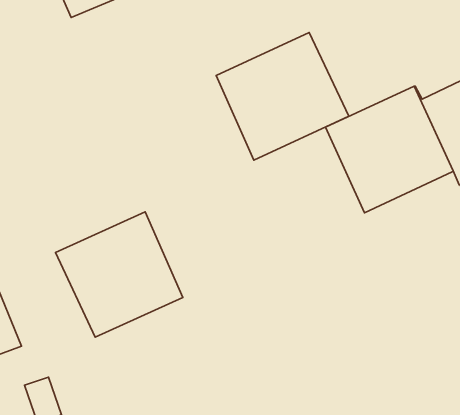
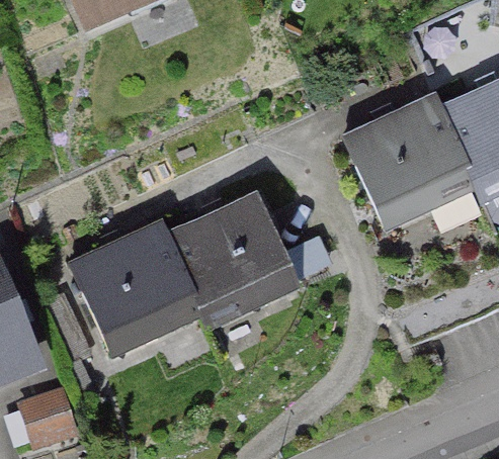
building: [216,33,349,160] -> none
building: none -> [160,195,296,324]

